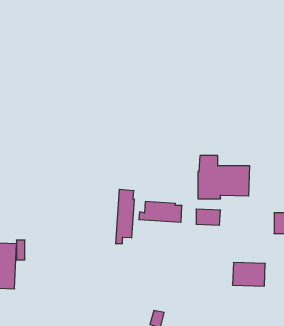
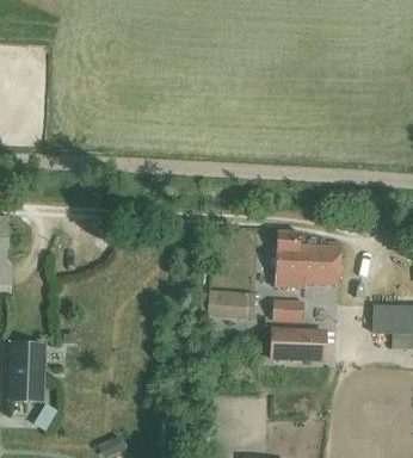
building: [116,189,134,244] -> none
building: [232,263,265,286] -> [271,329,313,359]

